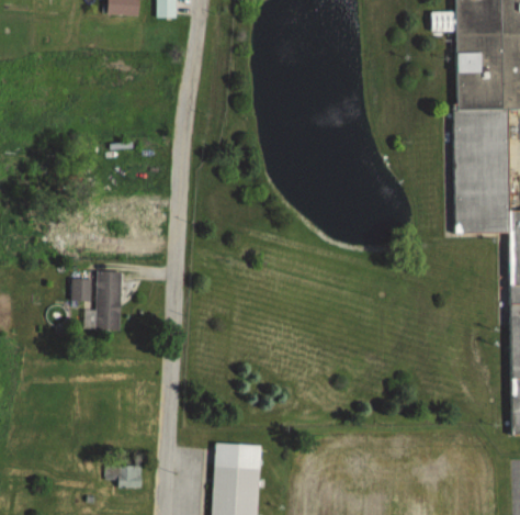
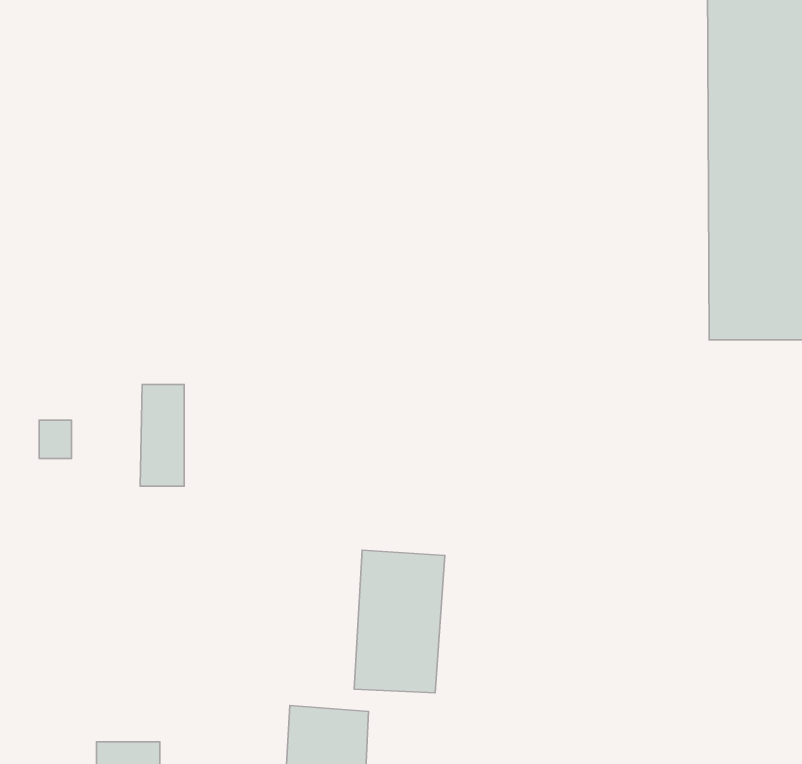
building: [97,271,122,329] -> [140,385,184,486]
building: none -> [354,550,445,693]

